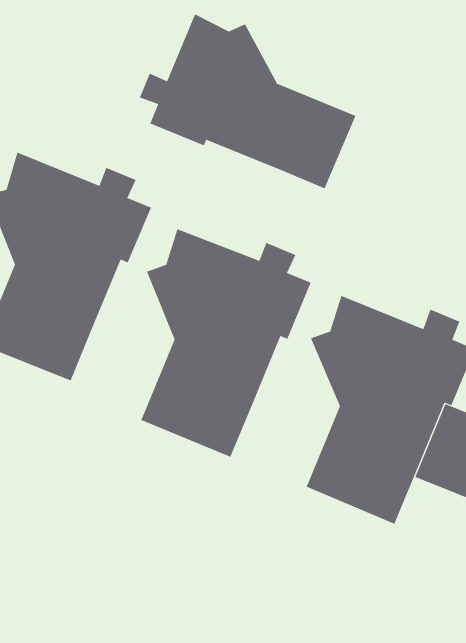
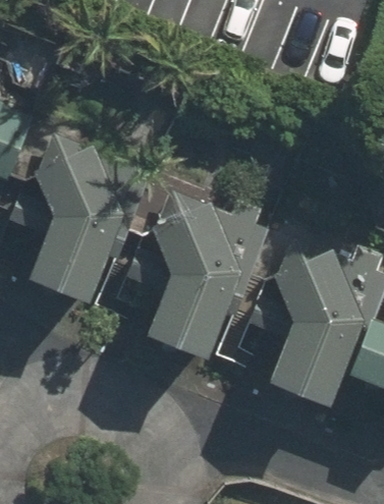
building: [139,13,356,189] -> none

